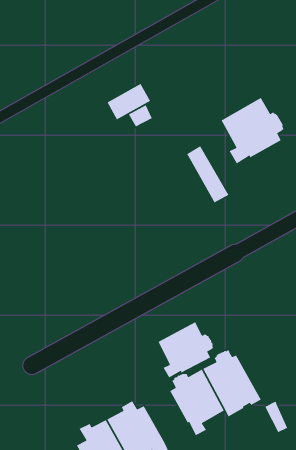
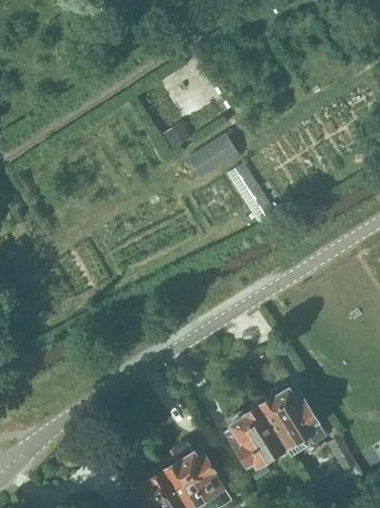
building: [106,83,151,121] -> [189,135,238,177]
building: [221,97,284,164] -> none
building: [157,321,214,379] -> none

